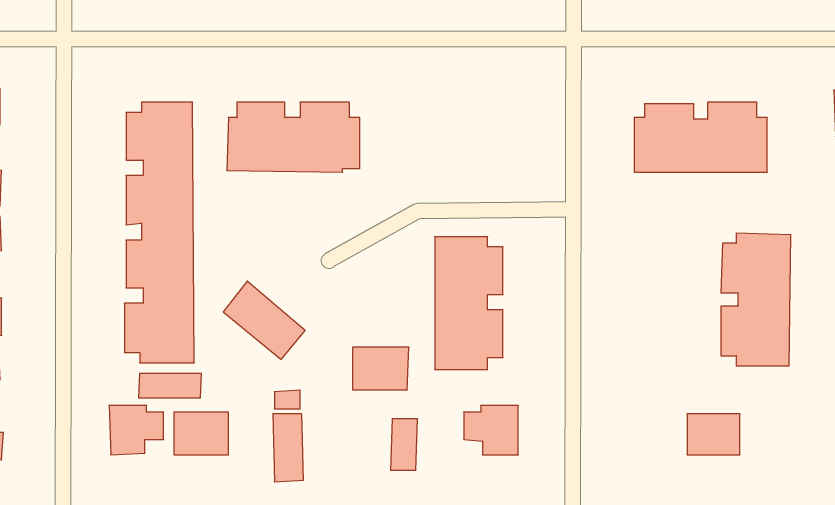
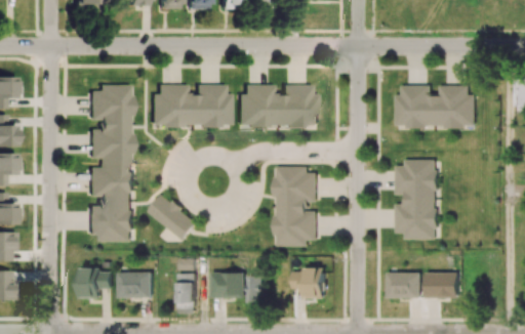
building: none -> [238,85,318,127]
building: [721,233,791,366] -> [396,159,438,239]
building: [353,347,409,390] -> [212,272,246,297]
building: [139,373,201,398] -> none
building: none -> [388,272,421,298]

